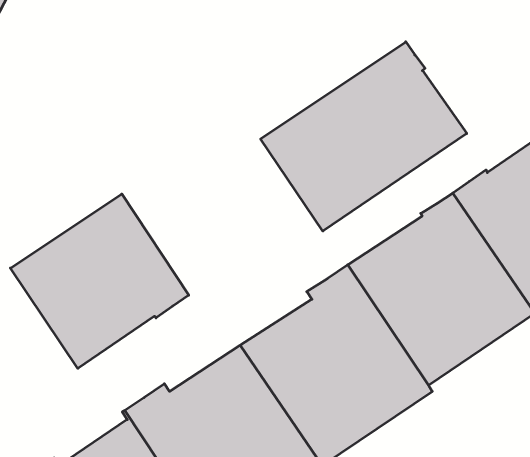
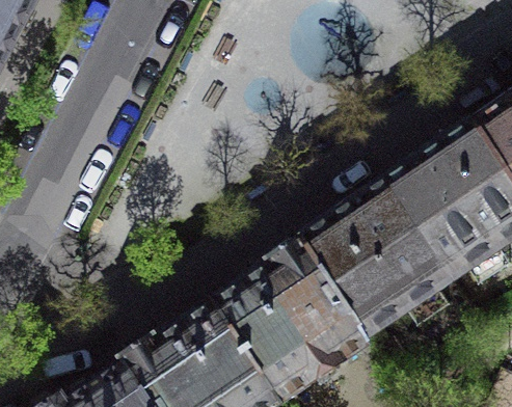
building: [261,42,467,231] -> none
building: [10,194,189,368] -> none

